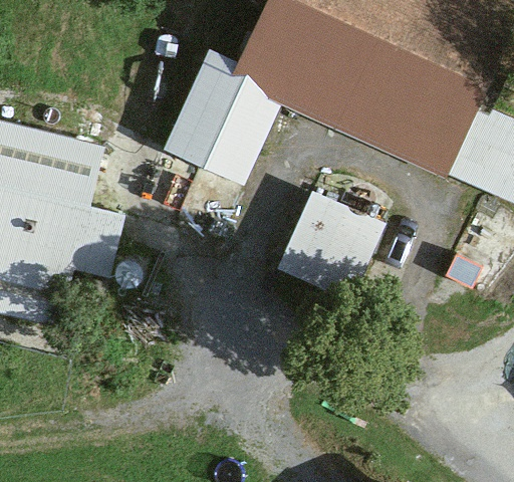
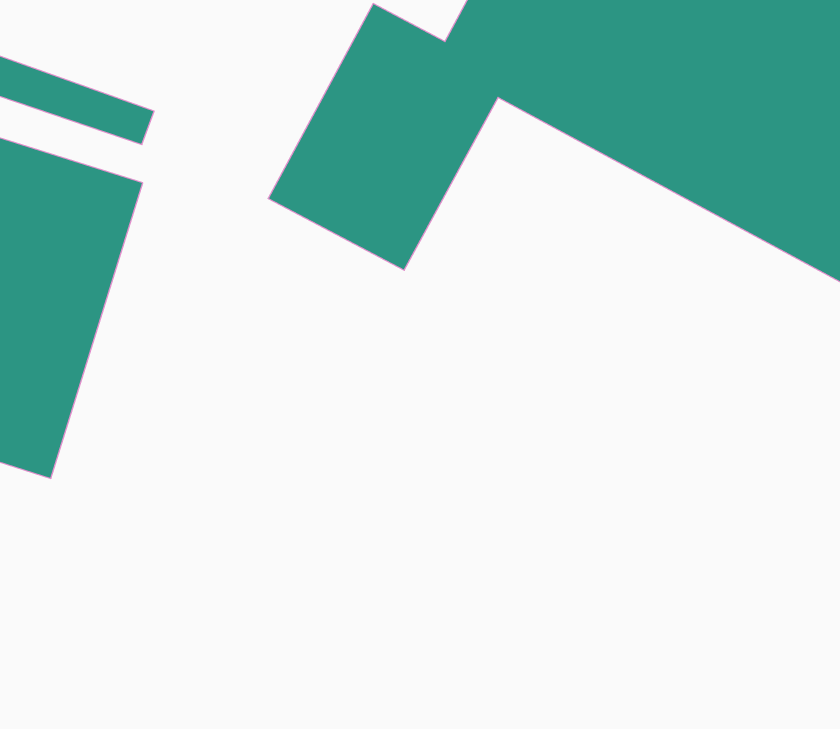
building: [284,201,361,282] -> none

